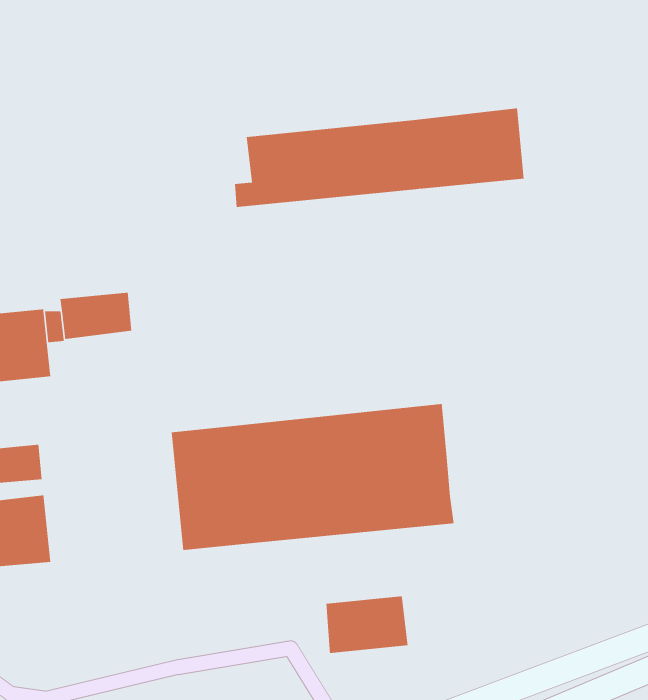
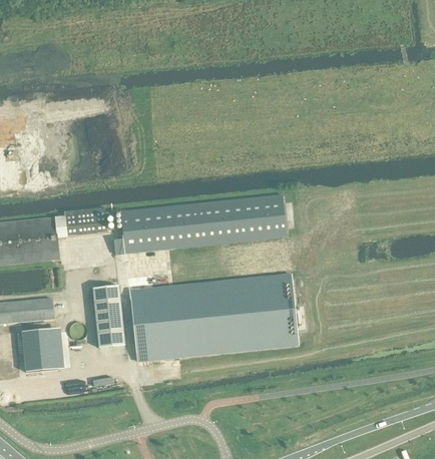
building: [234,108,524,208] -> [113,194,286,254]
building: none -> [92,285,124,348]
building: [326,596,408,654] -> none

